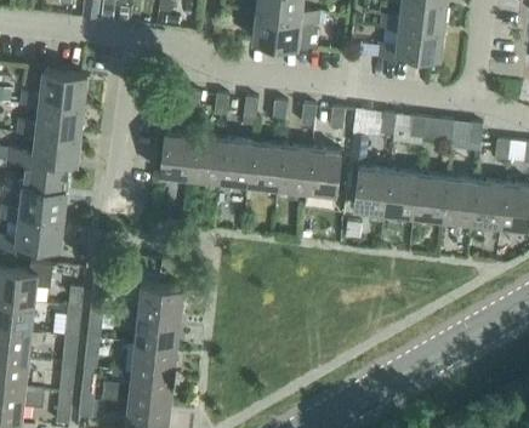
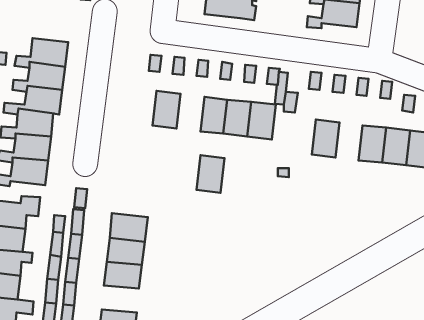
building: [159,132,194,178] -> none
building: [218,139,252,186] -> [197,155,224,193]
building: [353,167,388,213] -> none
building: [413,175,445,221] -> none
building: [102,373,172,406] -> none

